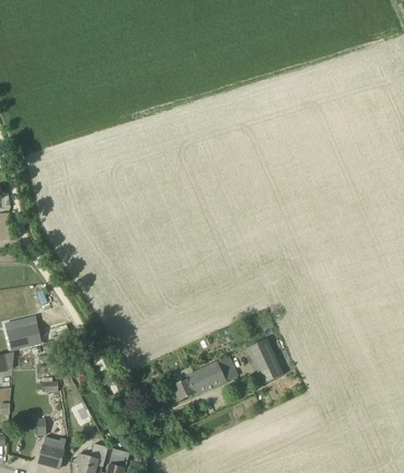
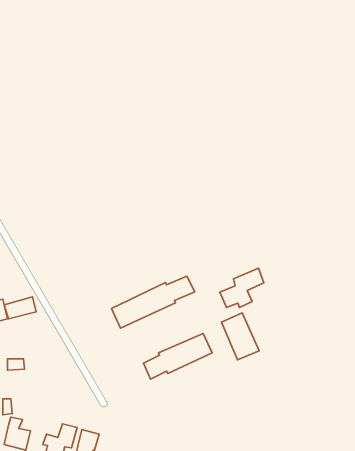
building: none -> [220,268,264,308]
building: none -> [112,276,195,328]

